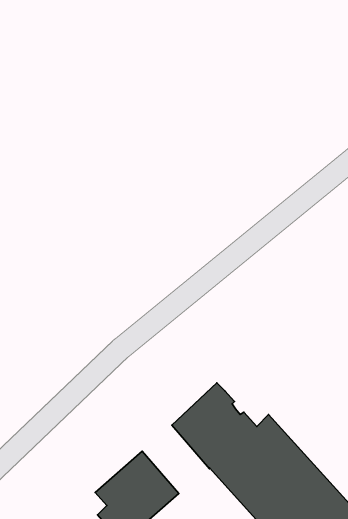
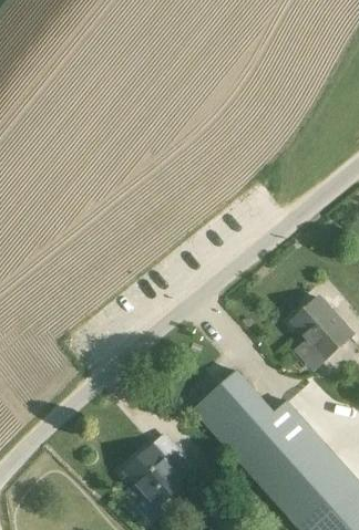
building: none -> [290,295,349,367]

